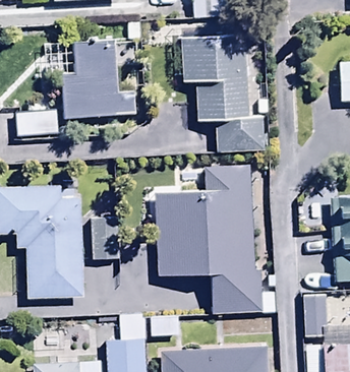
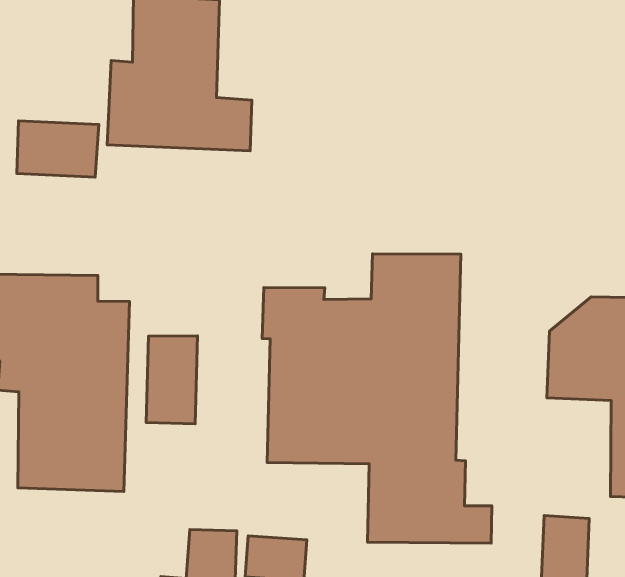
building: [181,39,264,154] -> none

